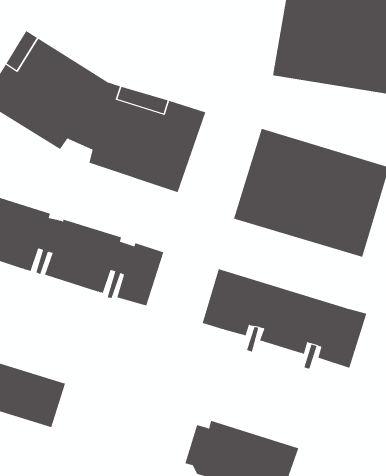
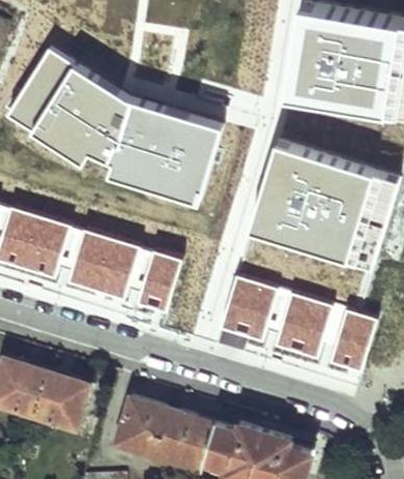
building: none -> [114,401,212,472]

